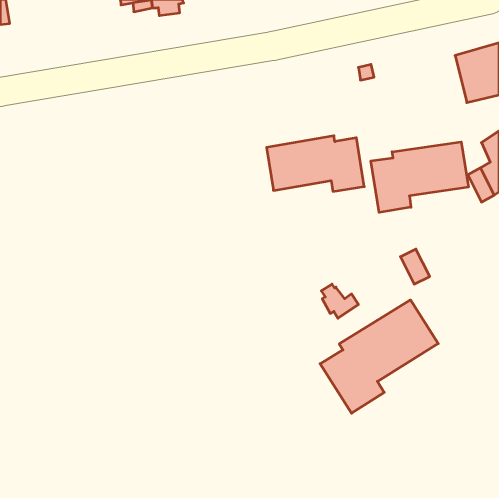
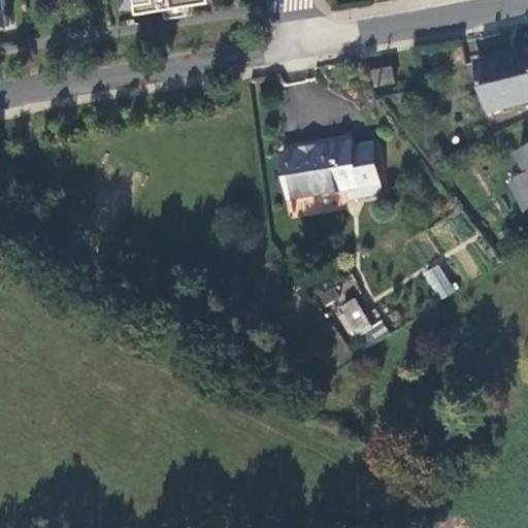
building: [371,142,468,212] -> none
building: [320,300,438,413] -> none

